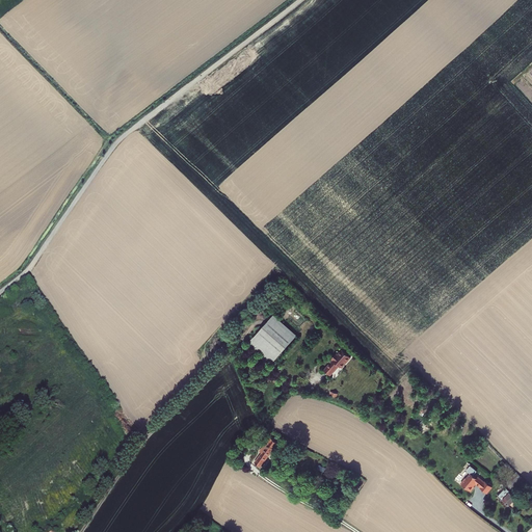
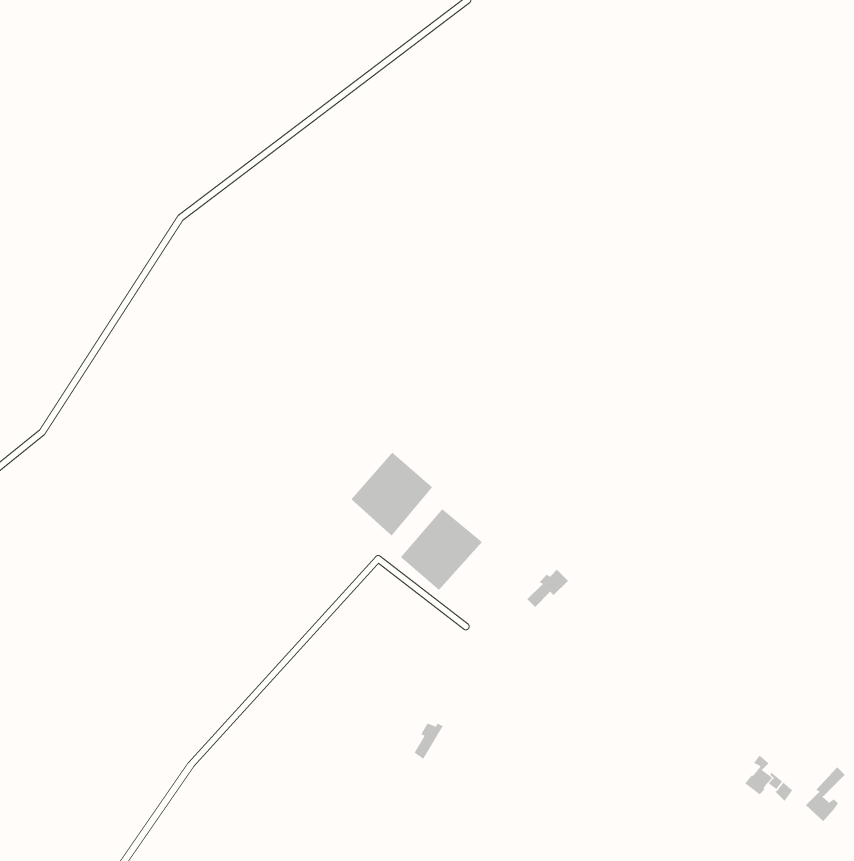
building: none -> [351,452,433,537]

